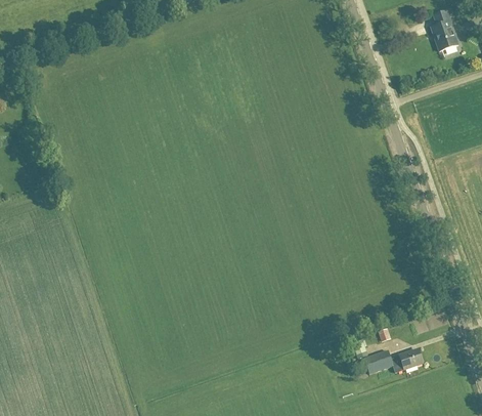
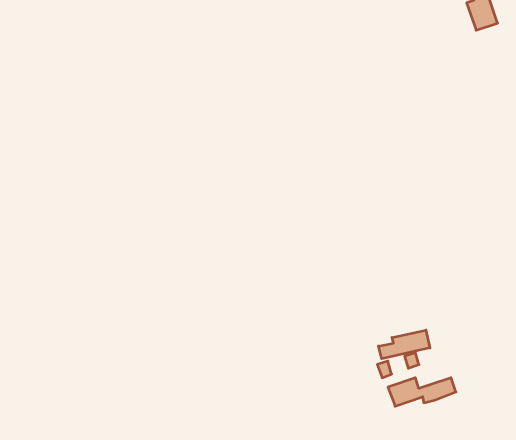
building: none -> [378,330,430,359]

